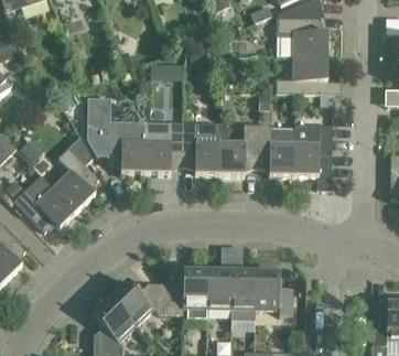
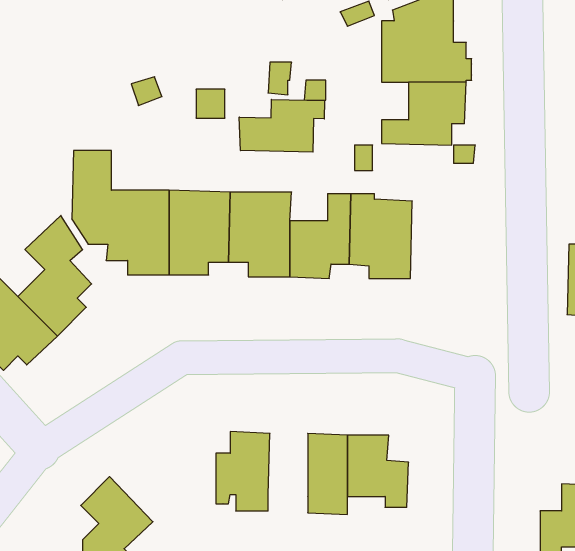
building: none -> [239,99,325,152]
building: [293,126,332,177] -> none
building: [206,271,230,310] -> none
building: [109,281,174,325] -> none

